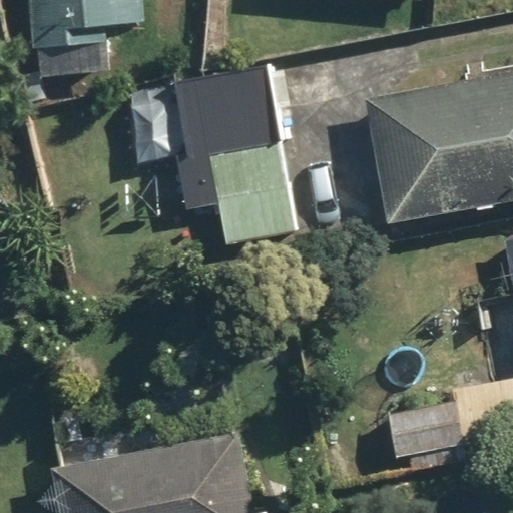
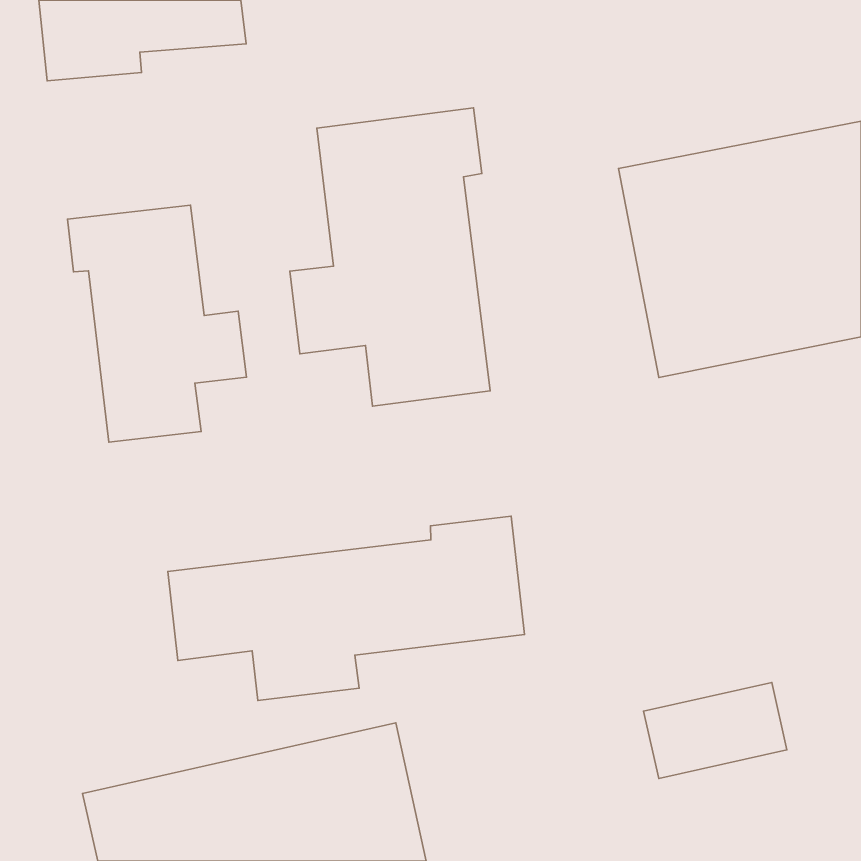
building: none -> [68,205,246,442]
building: none -> [168,516,525,701]

